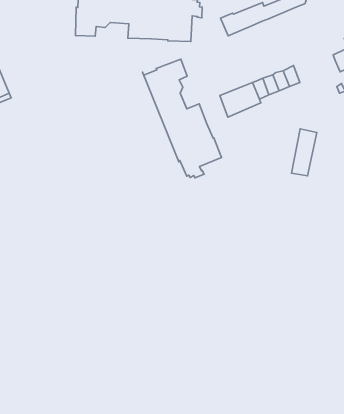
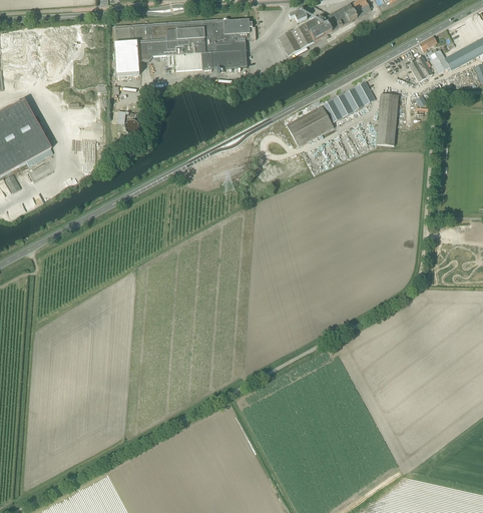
building: [142,59,222,178] -> none
building: [292,129,317,176] -> [376,92,399,144]

